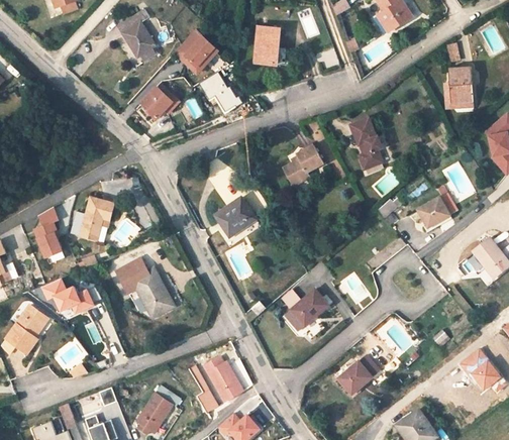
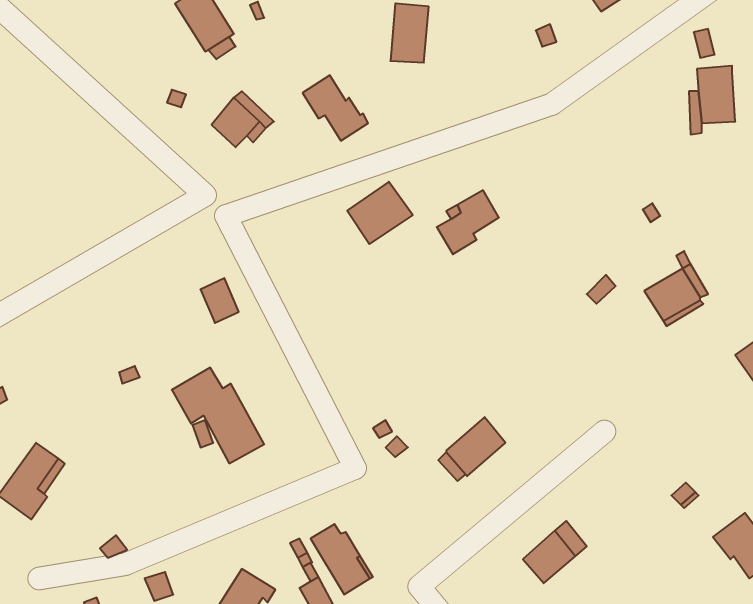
building: [175,29,218,73] -> none
building: [351,118,382,169] -> none
building: [80,197,114,240] -> none
building: [215,197,257,236] -> [347,182,413,244]
building: [33,208,61,258] -> none
building: [40,279,92,314] -> none

